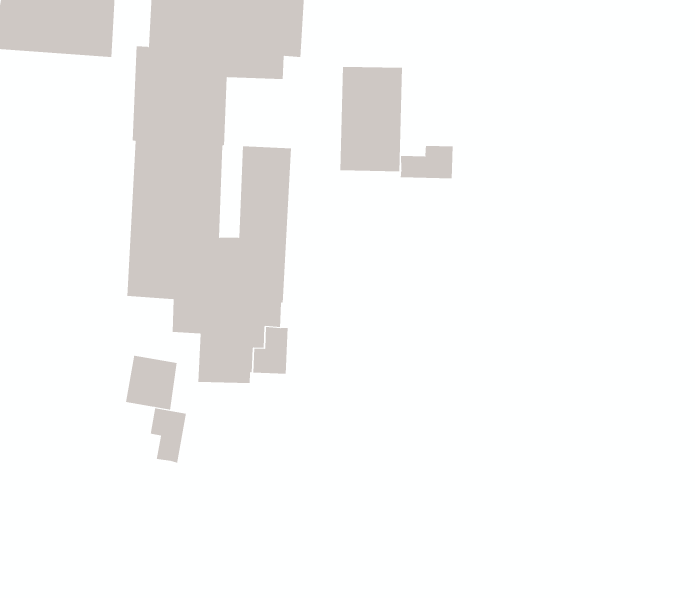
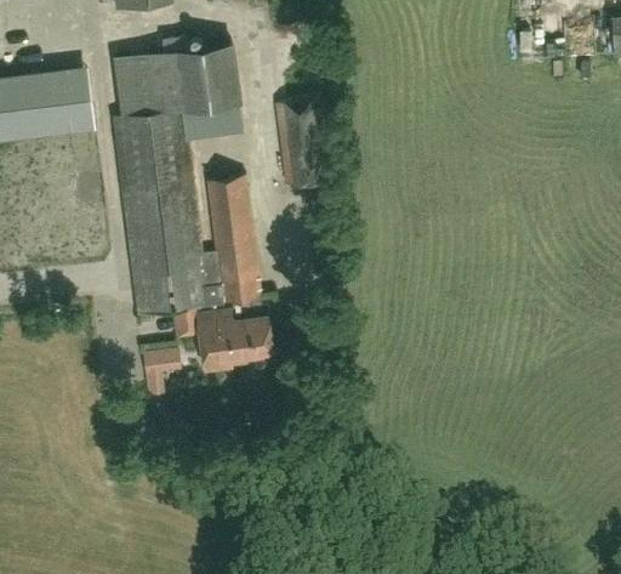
building: [400,145,453,179] -> none
building: [150,407,186,463] -> none

